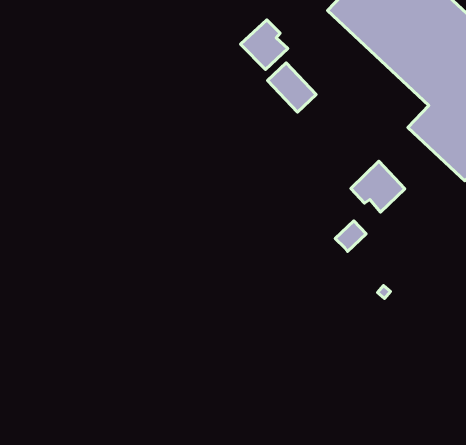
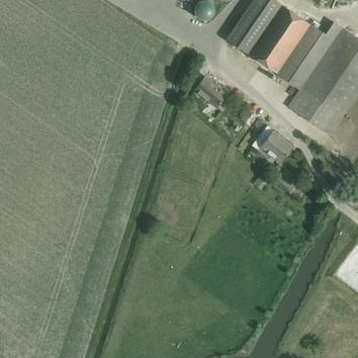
building: [241,20,288,69] -> none

